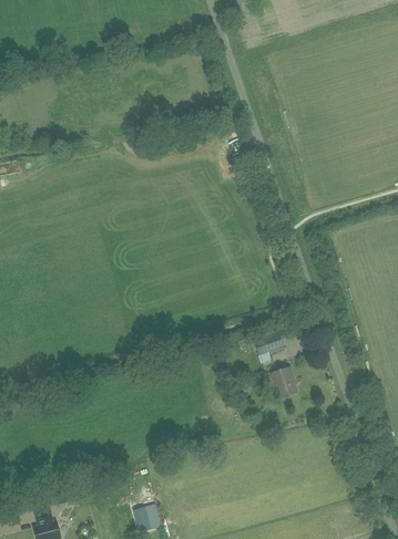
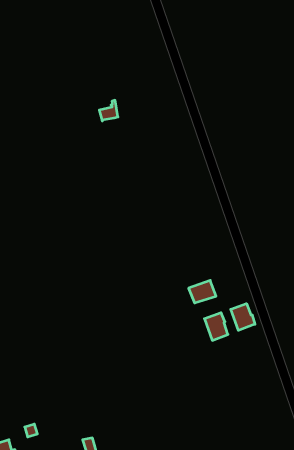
building: none -> [231,304,255,330]

